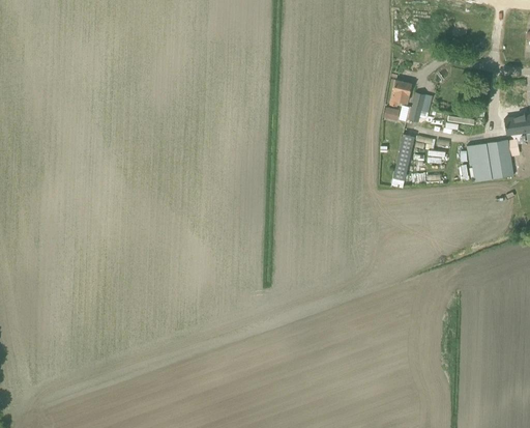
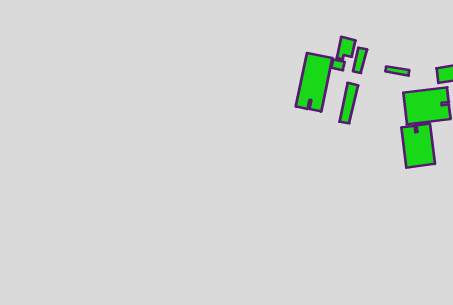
building: none -> [296,53,332,112]
building: none -> [402,124,435,168]

